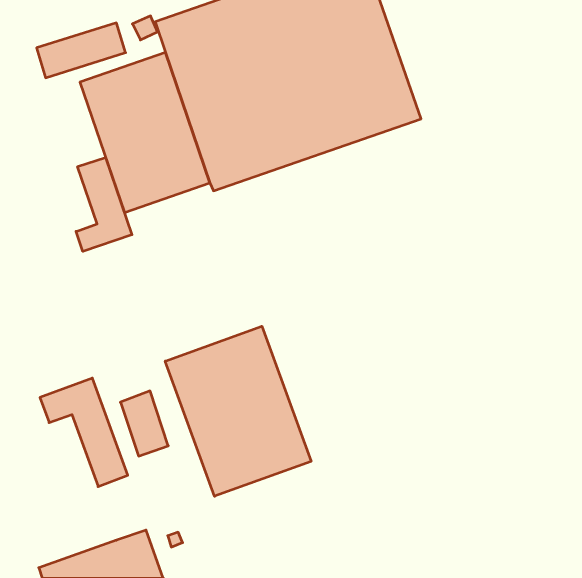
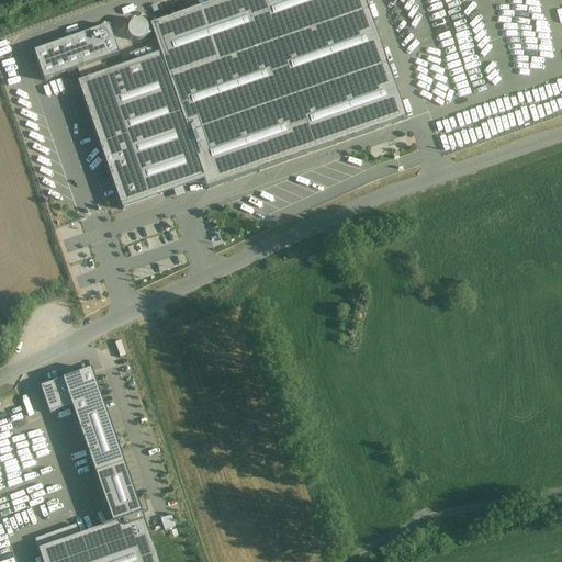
building: [76,158,132,251] -> none
building: [165,326,311,496] -> none
building: [120,391,168,456] -> [94,457,140,519]

